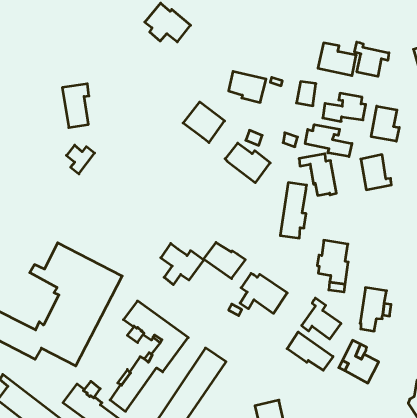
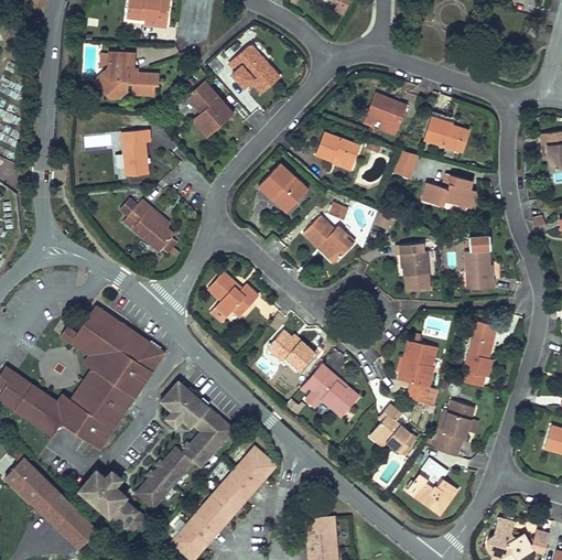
building: none -> [95,50,160,97]
building: none -> [365,90,407,137]
building: none -> [187,79,234,134]
building: [355,42,389,76] -> none
building: [371,106,399,141] -> none
building: [305,125,352,157] -> none
building: none -> [131,207,174,254]
building: [280,183,307,238] -> [460,320,497,386]
building: [161,243,204,285] -> [208,270,258,319]
building: [287,332,333,370] -> none

